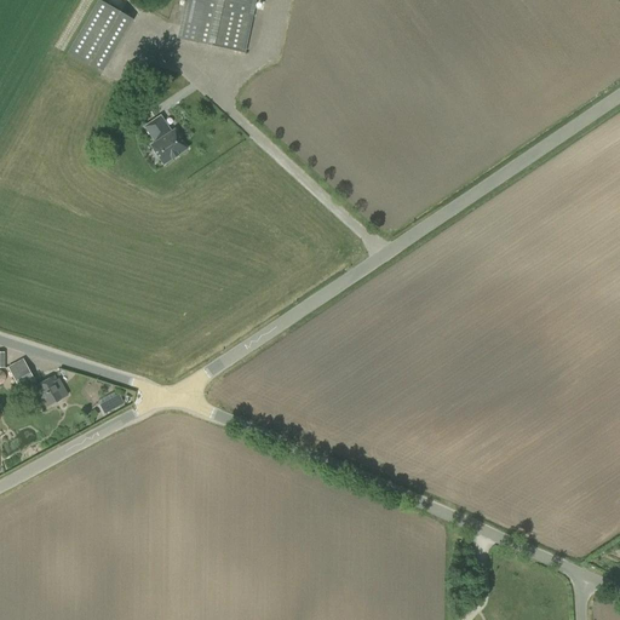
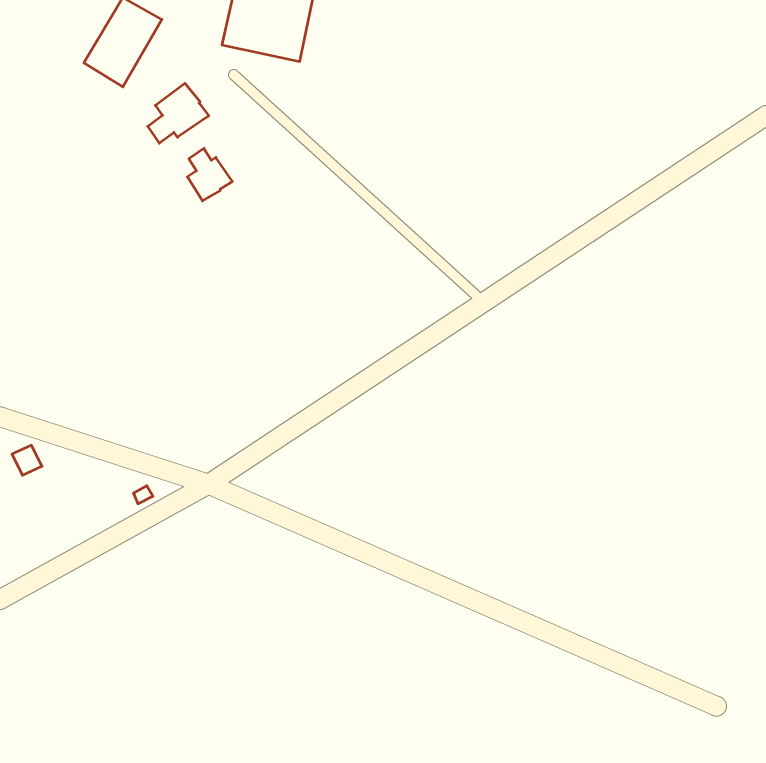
building: none -> [148,83,209,143]
building: [35,373,68,404] -> none

